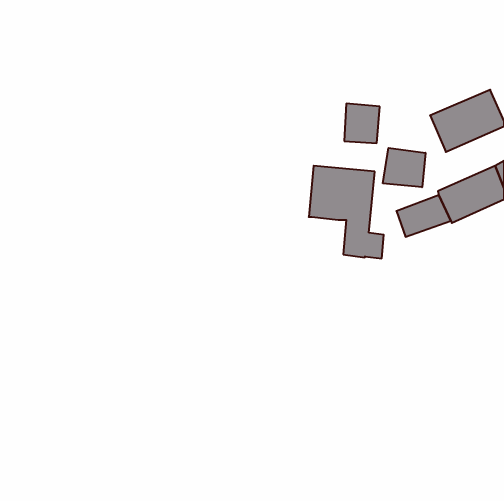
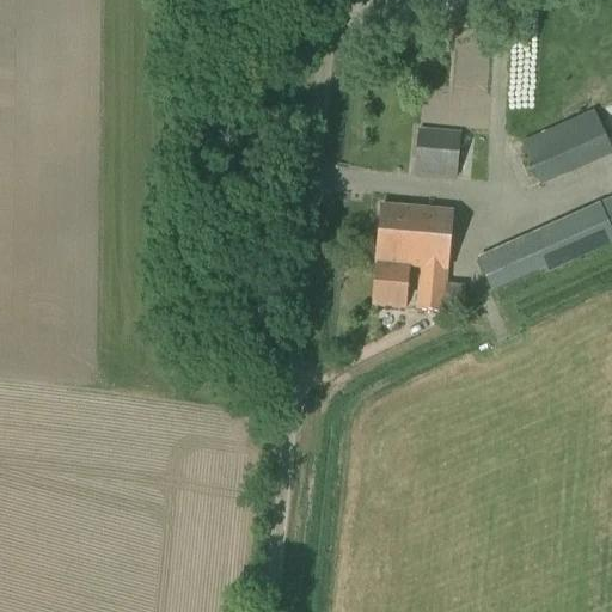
building: [383,148,425,187] -> none
building: none -> [373,263,410,306]

